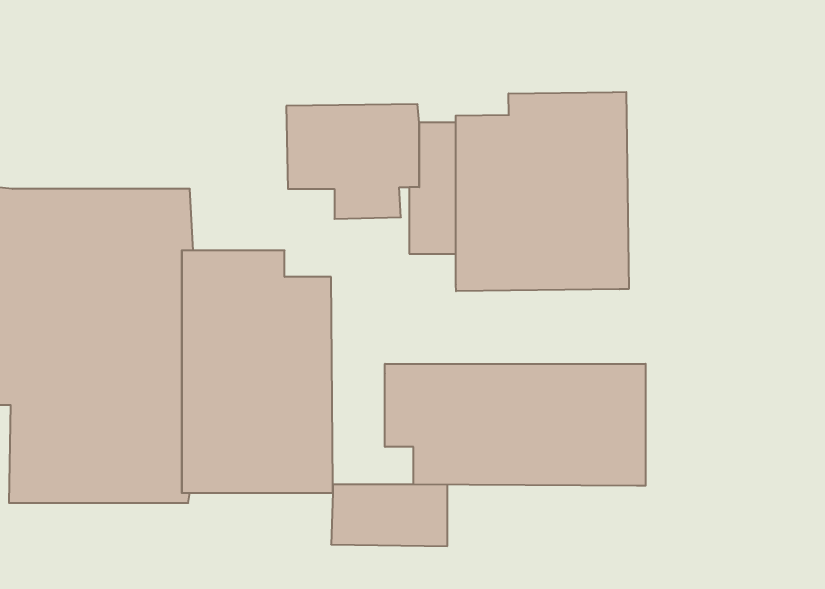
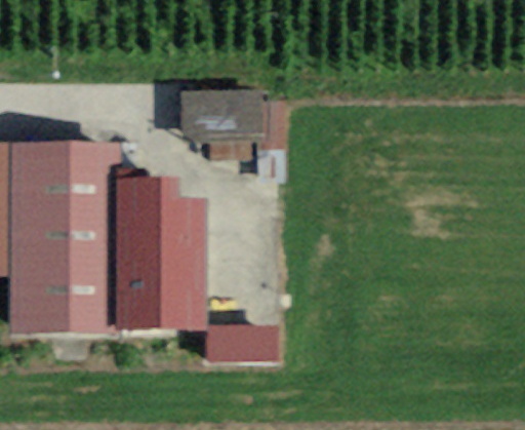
building: [456,92,629,291] -> none
building: [385,364,646,486] -> none

